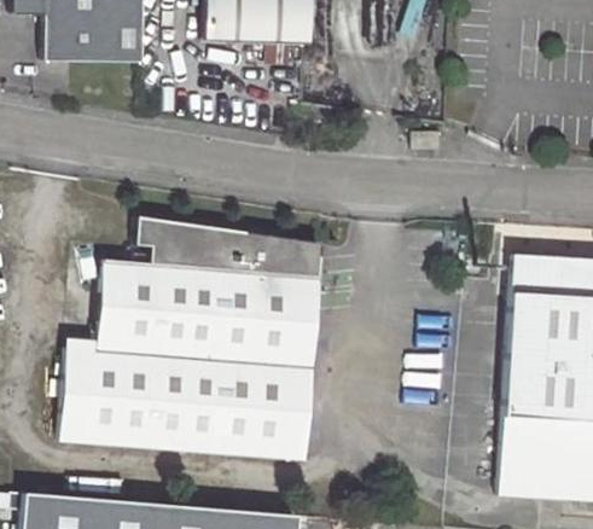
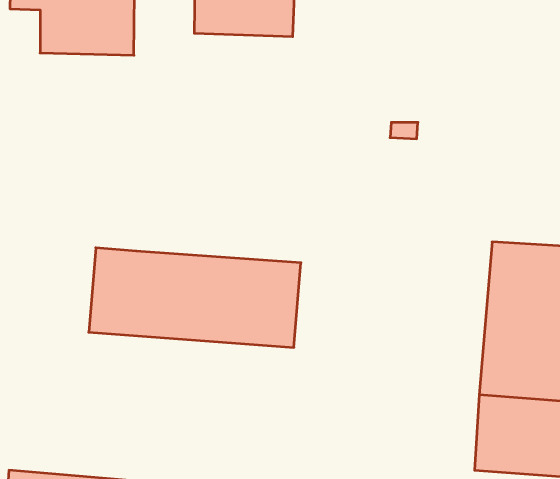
building: [133,215,321,278] -> none
building: [59,347,312,460] -> none

